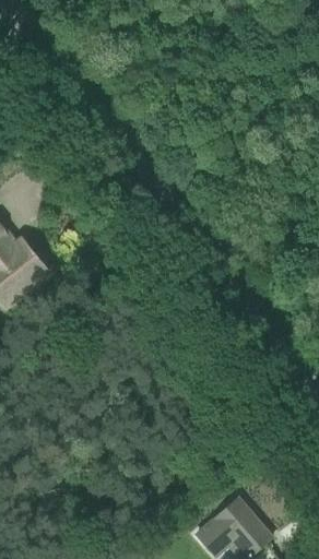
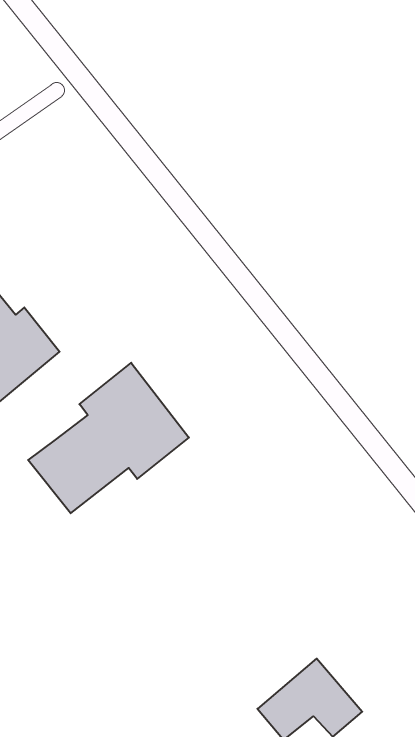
building: none -> [28,363,189,513]

